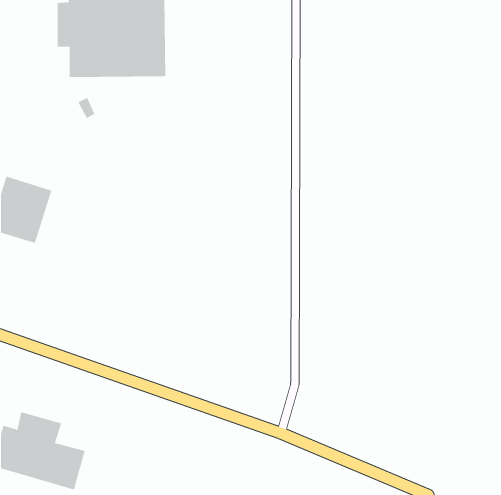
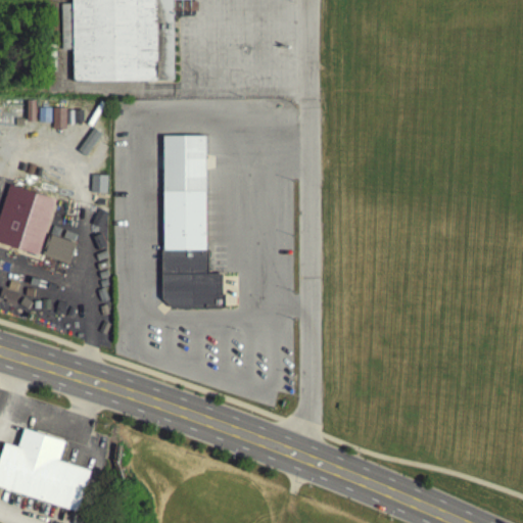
building: none -> [161,135,224,307]

